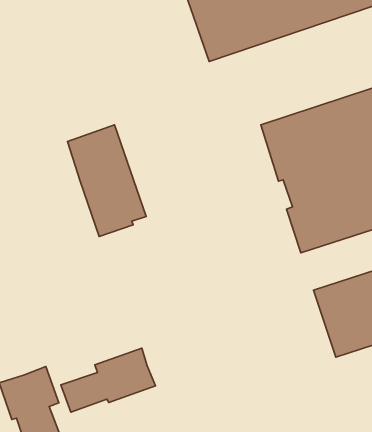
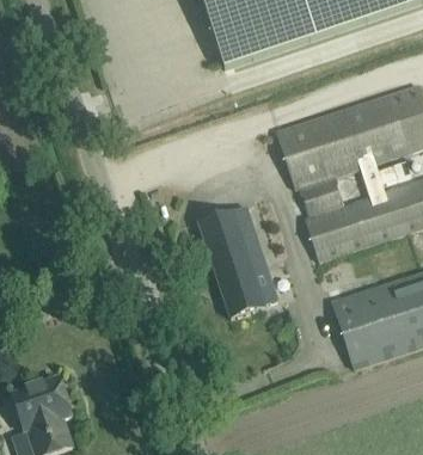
building: [67,125,146,236] -> [198,205,278,319]
building: [61,348,156,412] -> none

